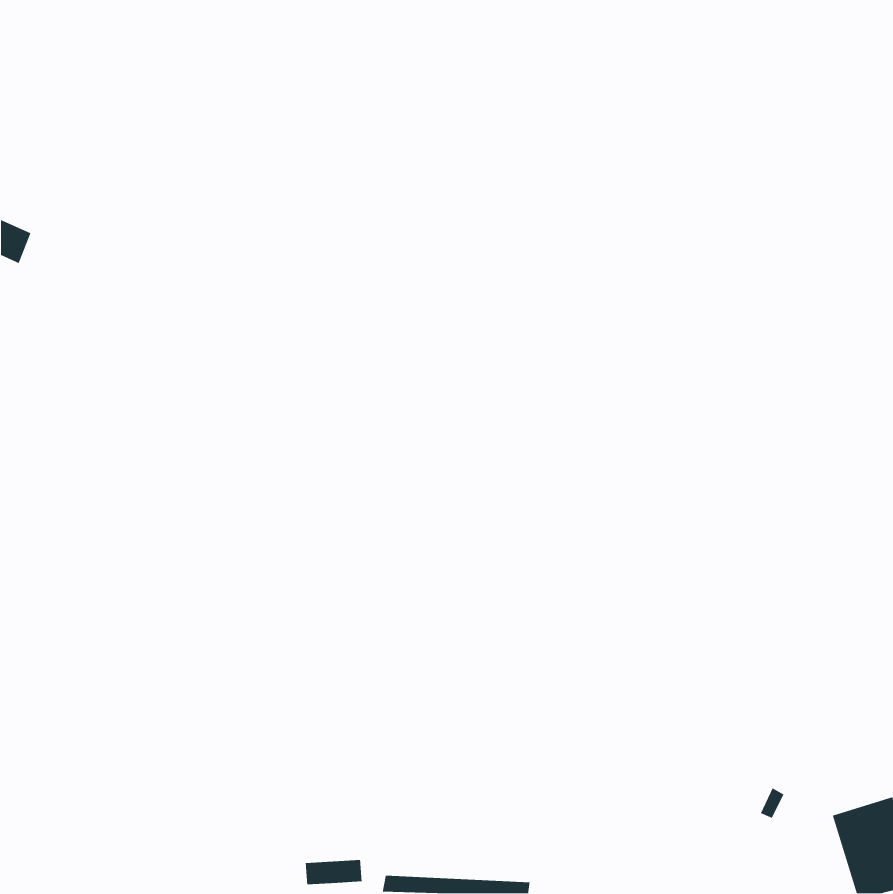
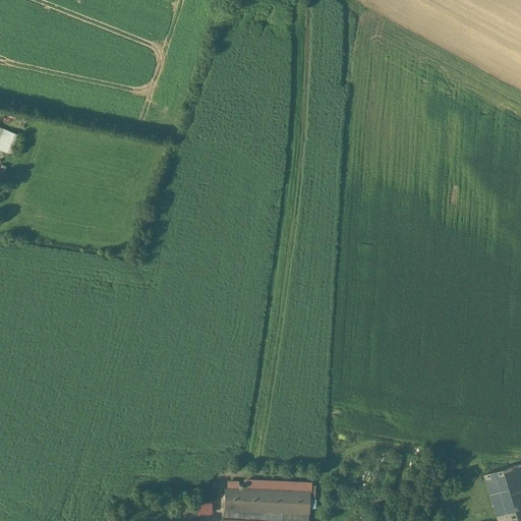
building: none -> [225,489,310,513]

